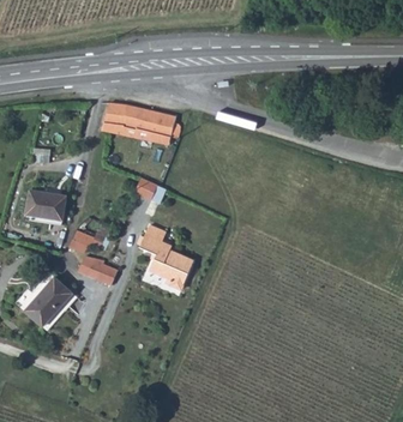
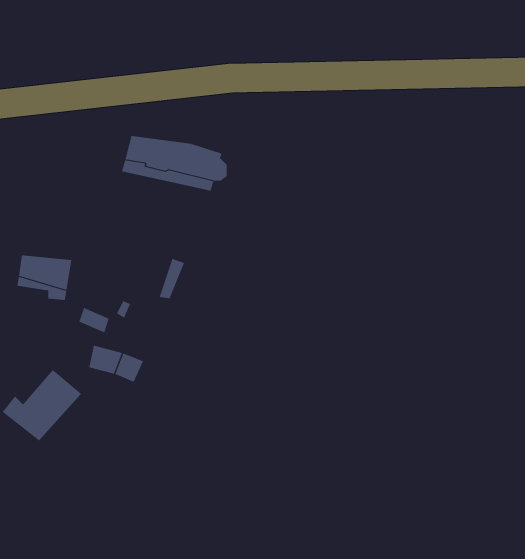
building: [140,227,191,290] -> none

